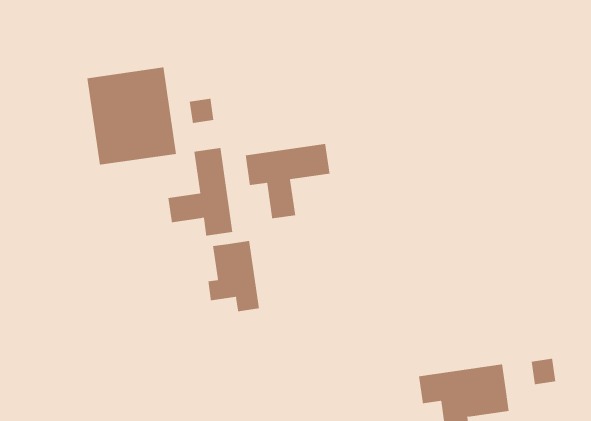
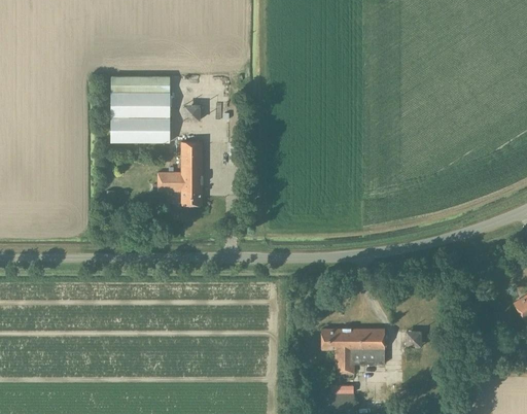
building: [245,143,330,219] -> none
building: [208,240,260,312] -> none

